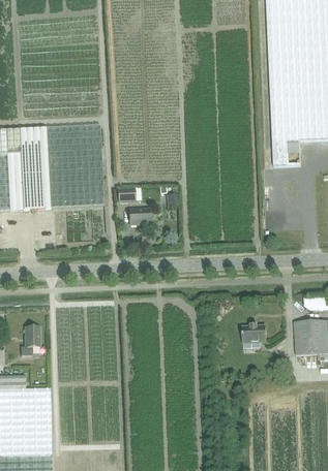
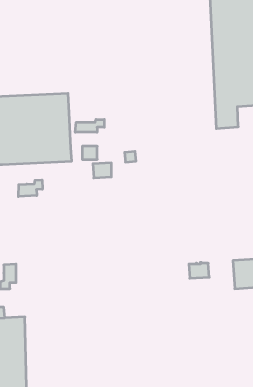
building: none -> [75,119,104,132]
building: none -> [18,180,42,197]

